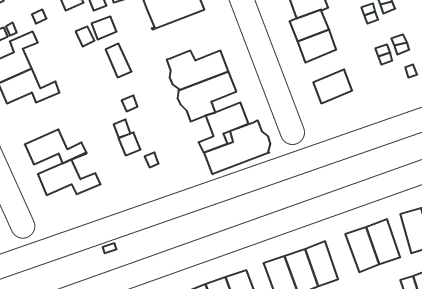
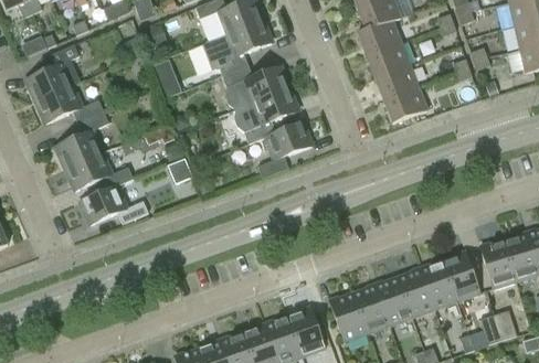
building: none -> [201,20,272,75]
building: none -> [374,64,418,100]
building: none -> [54,111,108,169]
building: [204,120,270,174] -> none
building: none -> [397,268,434,318]

